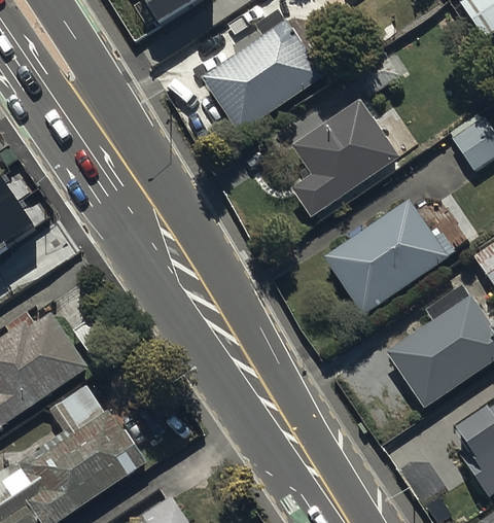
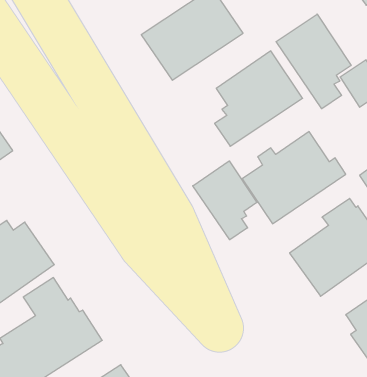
building: none -> [276,14,351,109]
building: none -> [193,161,257,240]

